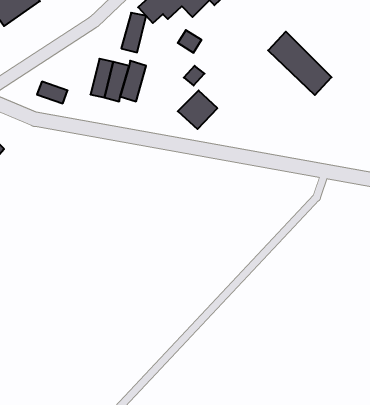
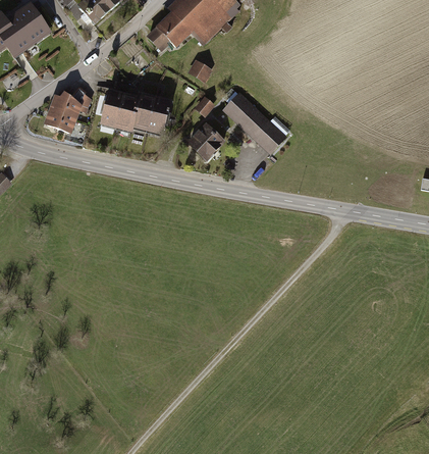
building: [121,13,146,52] -> [145,95,170,136]
building: [268,32,332,95] -> [221,91,286,156]
building: none -> [48,86,92,120]

